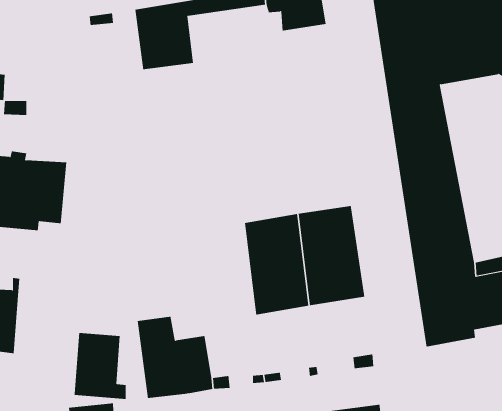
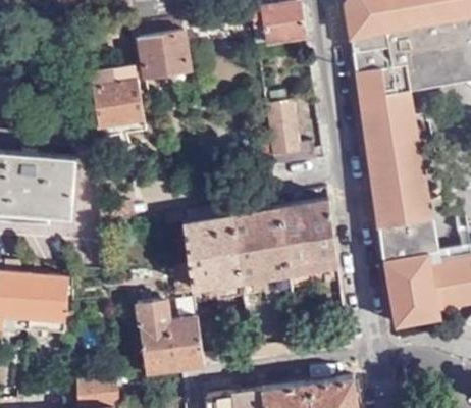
building: none -> [86,67,142,124]
building: none -> [265,103,323,166]
building: none -> [185,215,243,304]
building: [74,332,126,400] -> [28,276,74,337]

